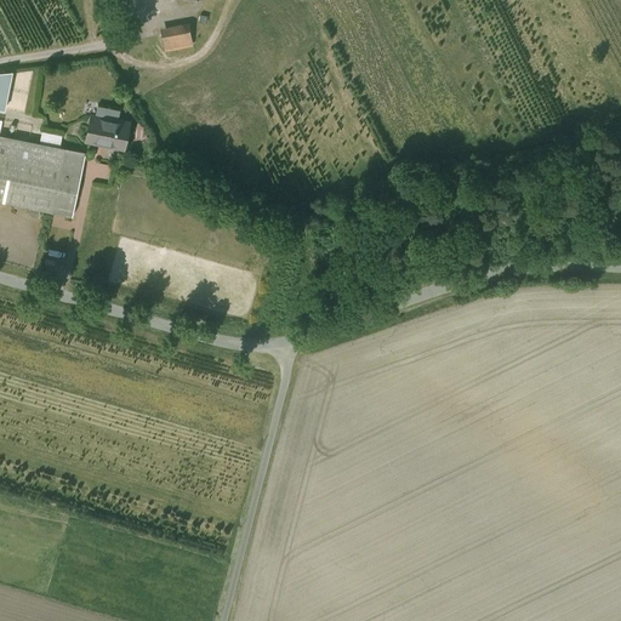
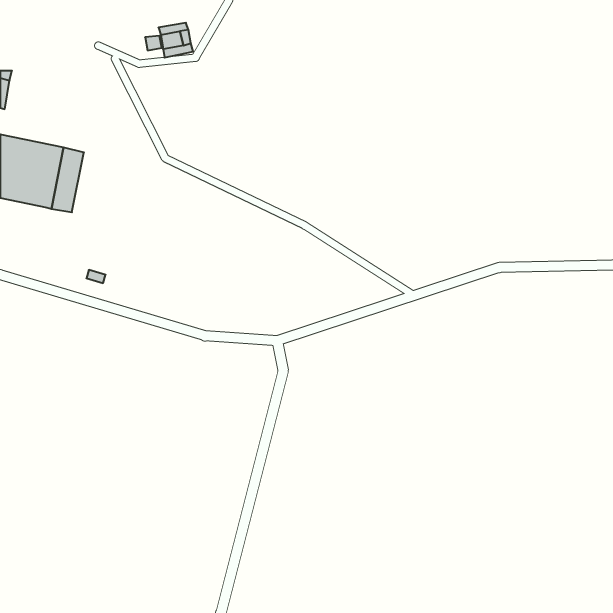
building: [87,115,127,147] -> none

